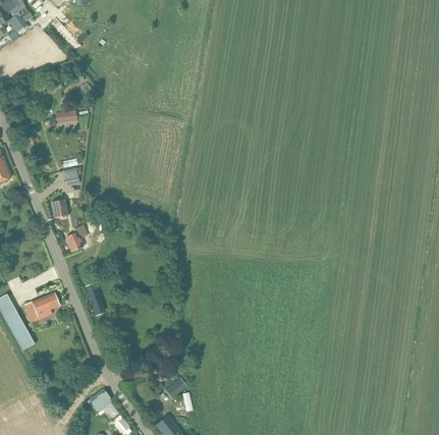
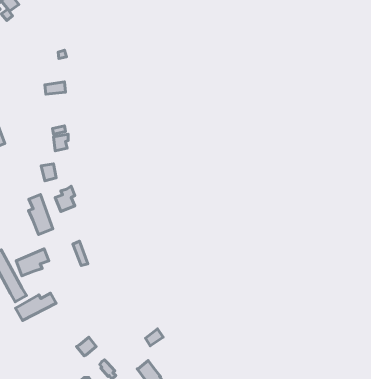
building: none -> [29,195,53,235]
building: none -> [15,293,56,321]

